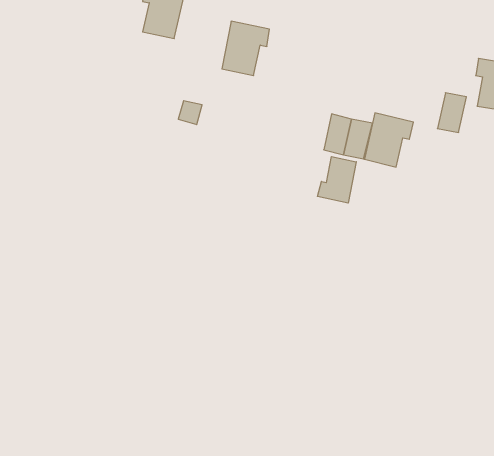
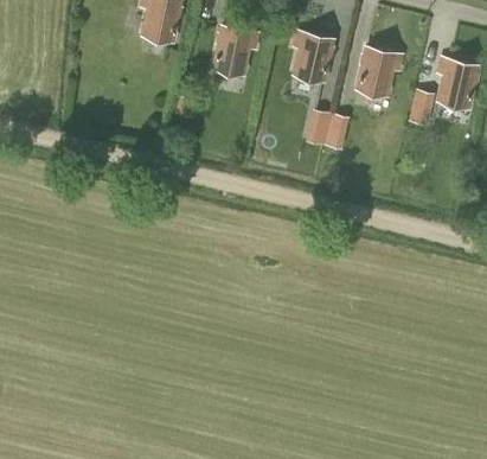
building: none -> [289,32,333,79]
building: [364,113,413,167] -> [358,47,402,96]
building: [317,157,356,203] -> none

